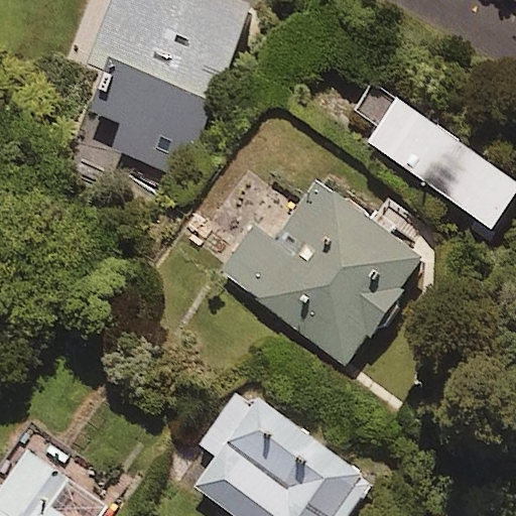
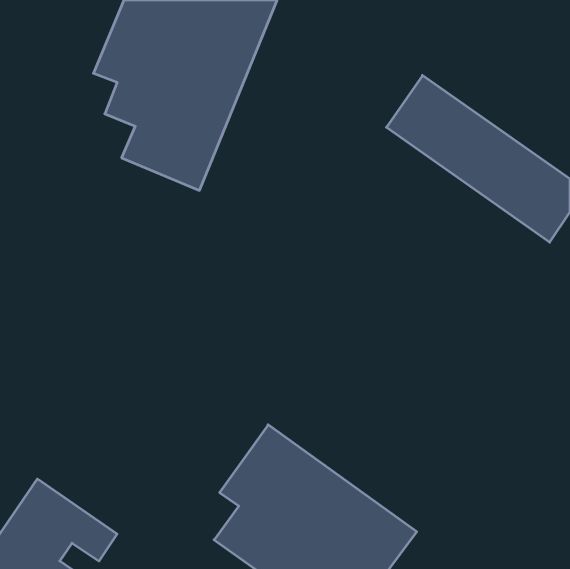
building: [219,179,422,367] -> none

